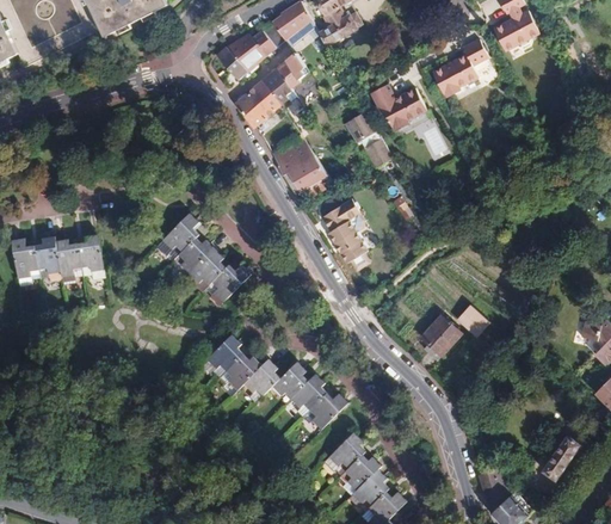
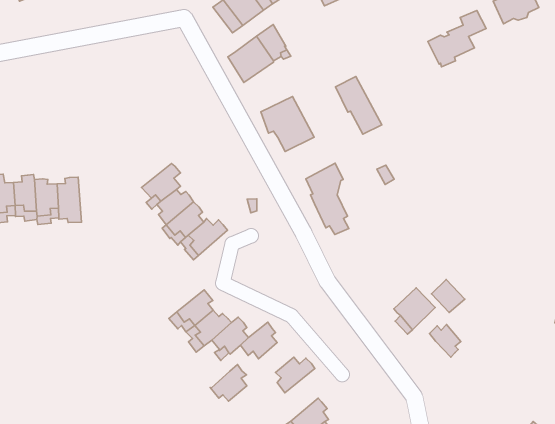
building: [277,53,304,88] -> none
building: [369,85,426,130] -> none
building: none -> [430,324,461,357]
building: [290,374,326,411] -> [210,364,247,401]

